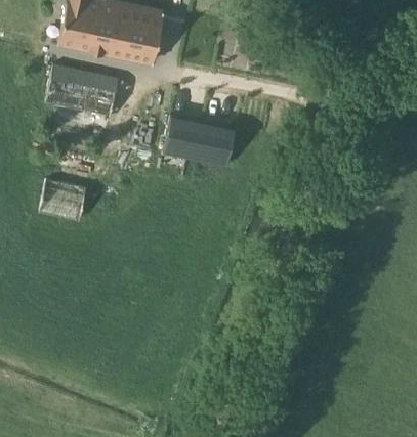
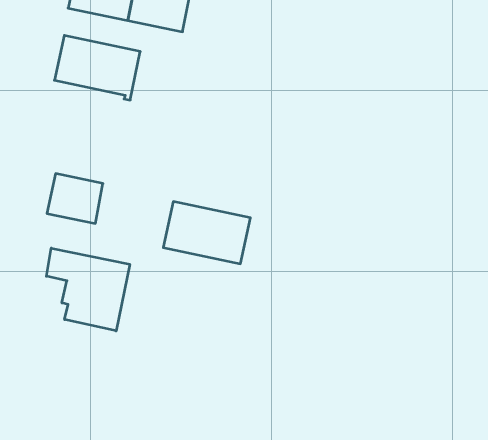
building: [164,115,236,166] -> [163,202,250,264]
building: none -> [46,248,130,331]

